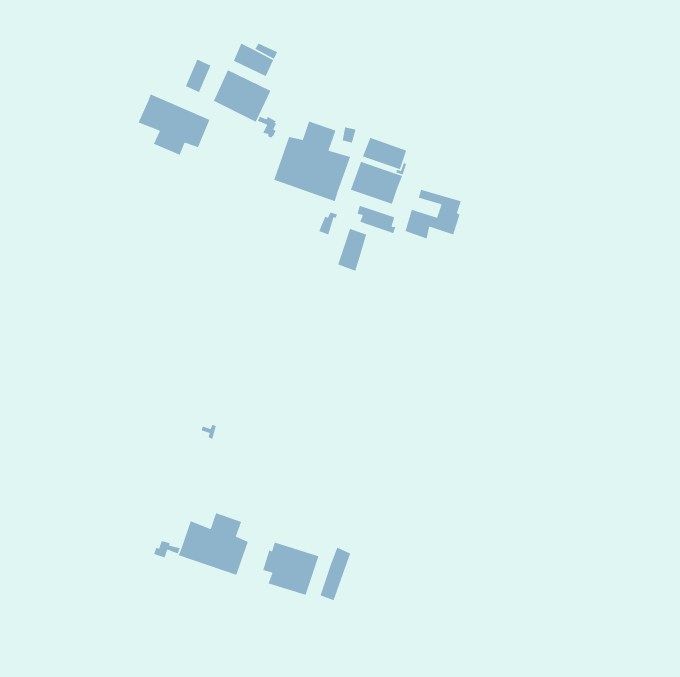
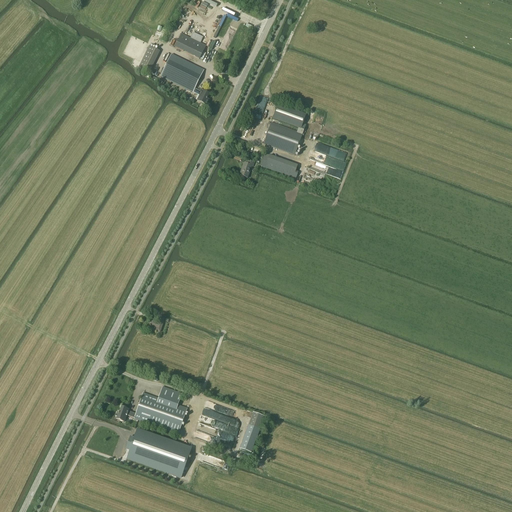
building: [137,93,211,156] -> none
building: [273,120,351,202] -> none
building: [337,228,367,272] -> none
building: none -> [126,427,192,477]

